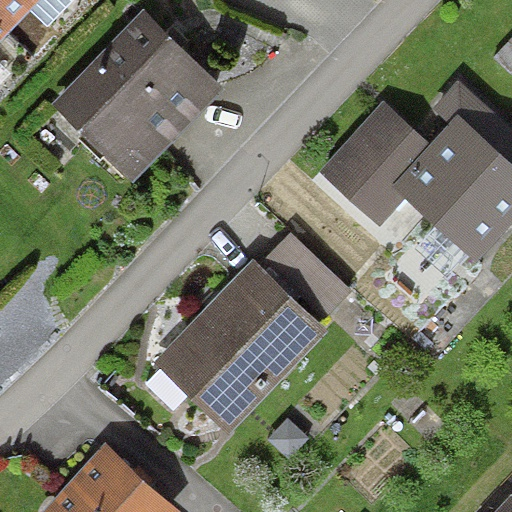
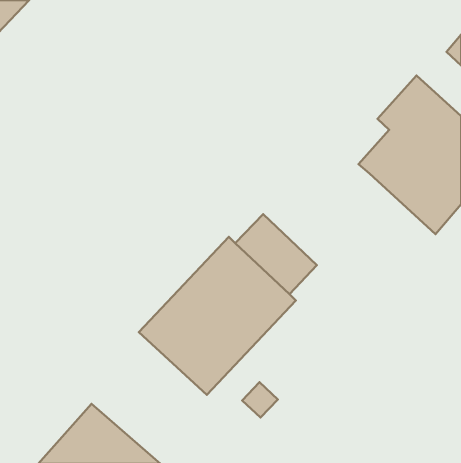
building: [57,17,216,176] -> none
building: [318,101,429,224] -> none

